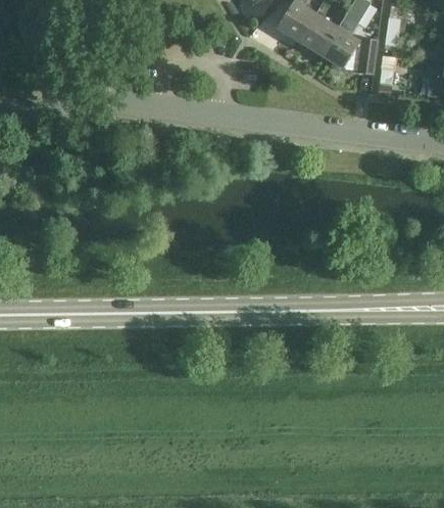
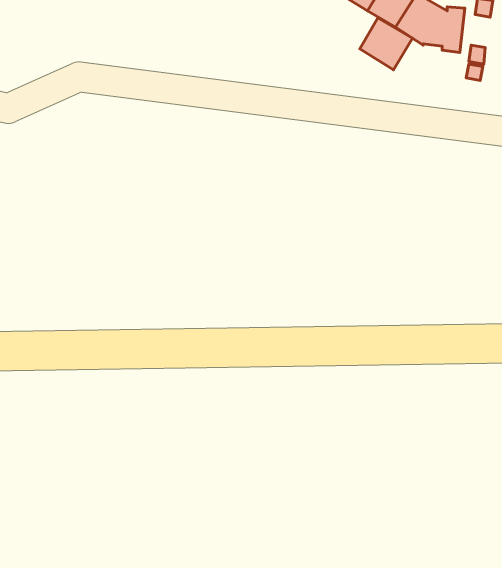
building: none -> [360,18,412,70]

